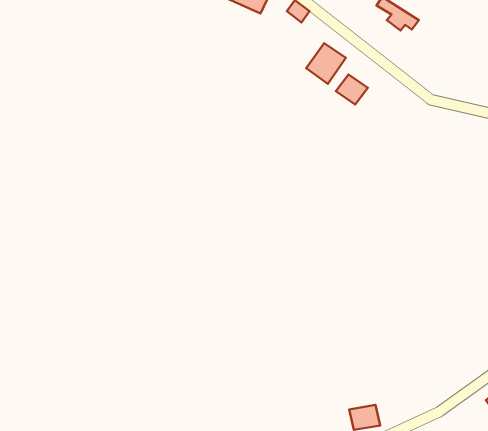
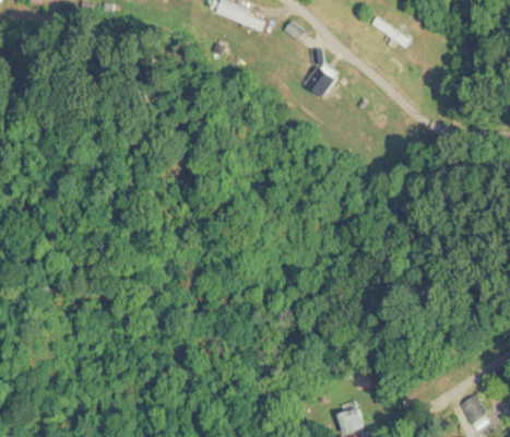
building: [336,74,368,105] -> none

